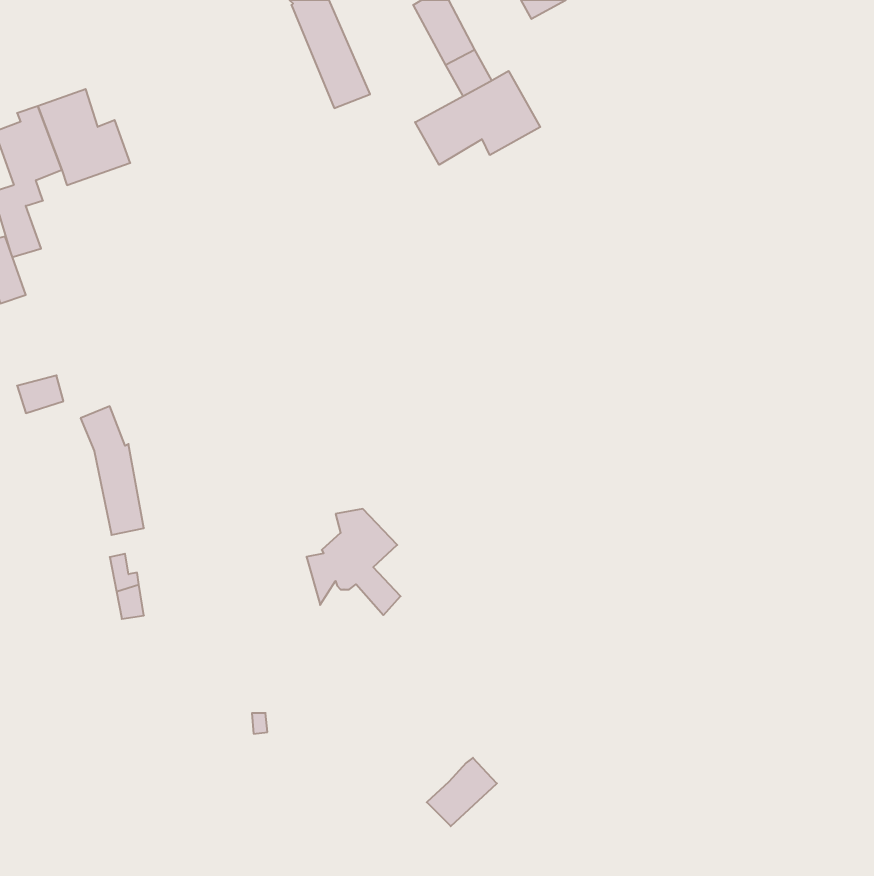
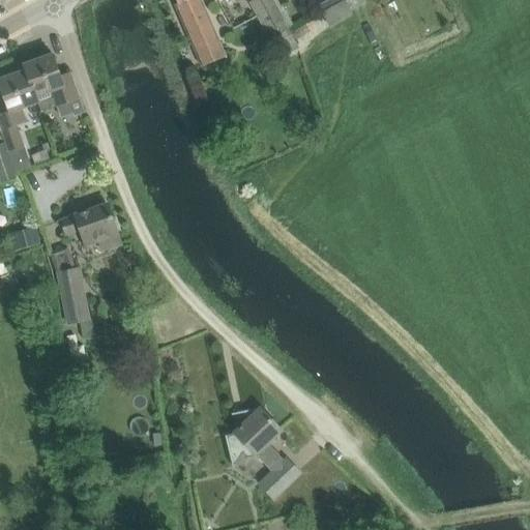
building: [415,71,540,165] -> none
building: none -> [60,204,120,246]
building: [306,509,401,615] -> [225,408,282,472]

